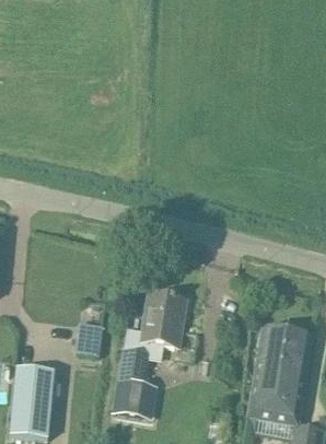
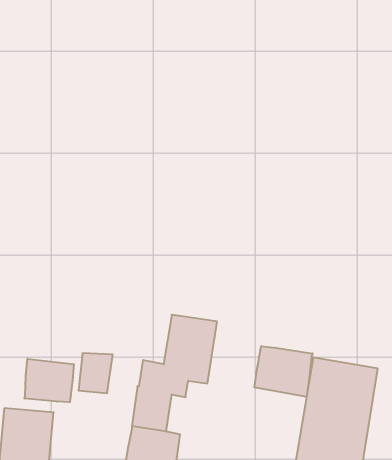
building: none -> [254,346,313,397]
building: none -> [24,359,74,402]

